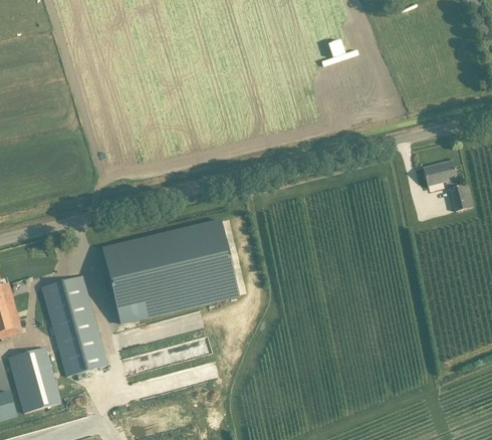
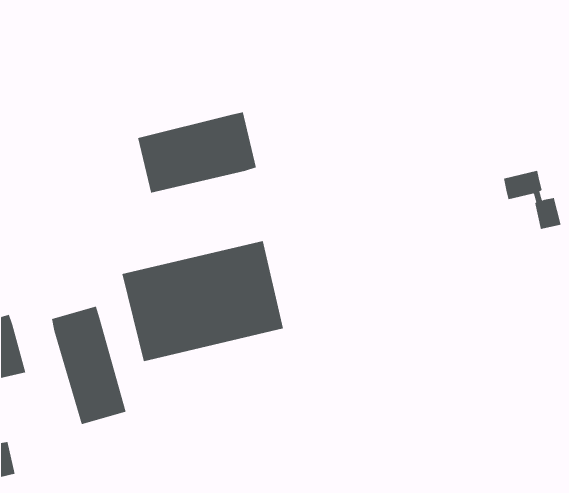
building: none -> [138,111,257,194]
building: [8,347,61,412] -> none

